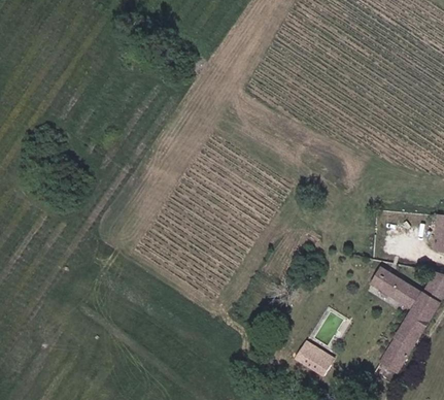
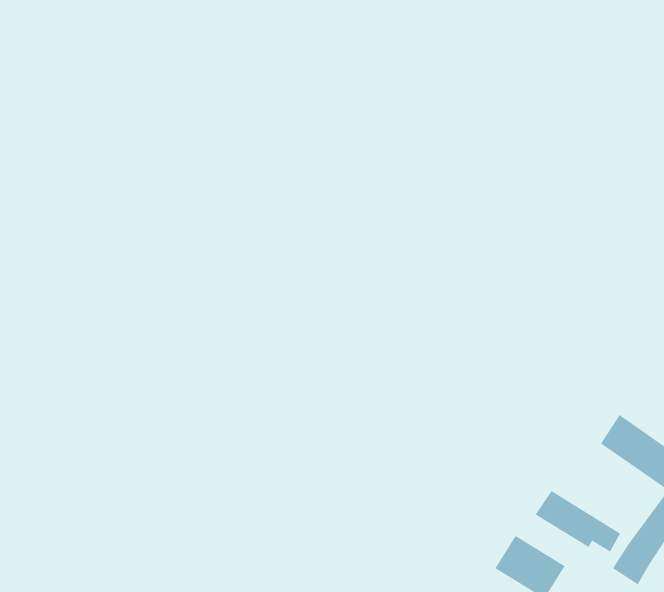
building: none -> [535,490,621,552]

